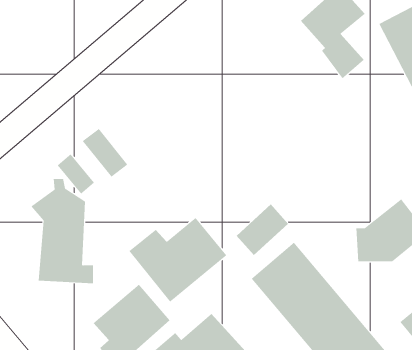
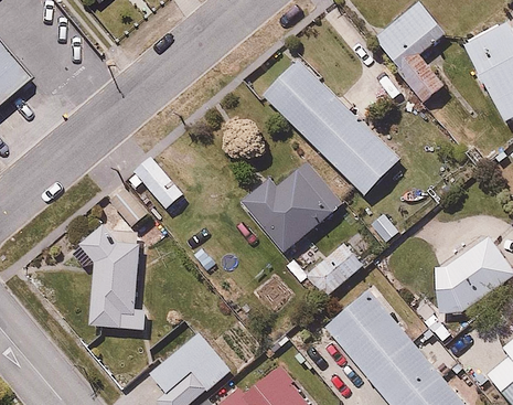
building: none -> [263,60,398,200]
building: [129,217,227,302] -> [236,161,344,255]

